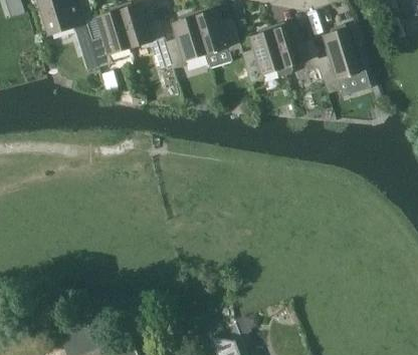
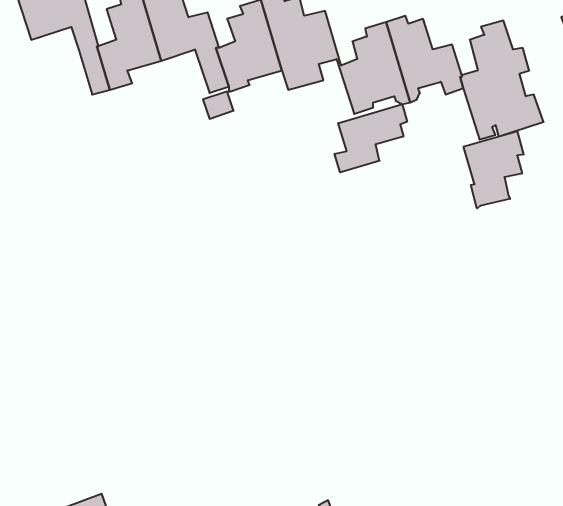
building: none -> [335,104,407,172]
building: none -> [464,131,524,208]

